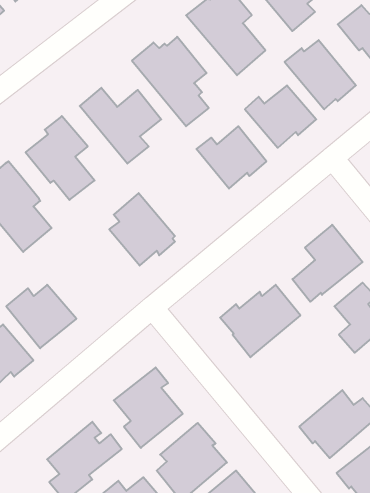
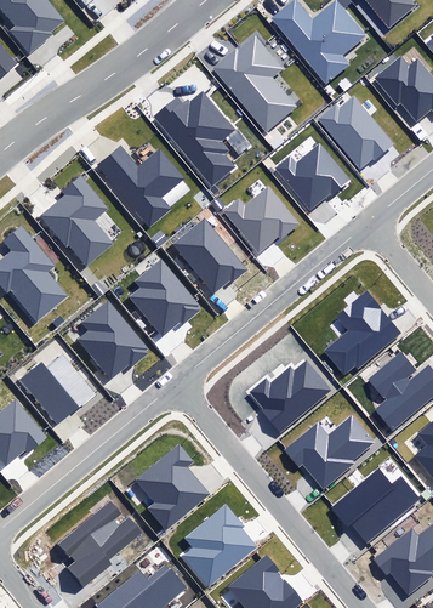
building: none -> [171,217,246,294]
building: none -> [74,300,147,380]
building: none -> [284,413,375,489]

